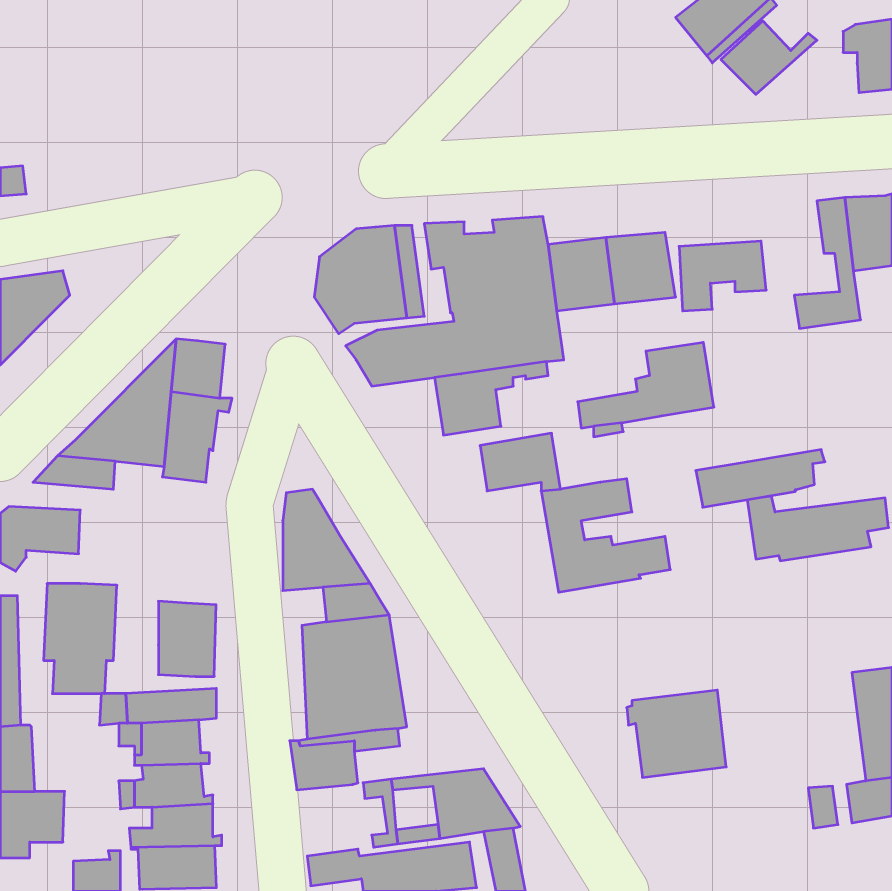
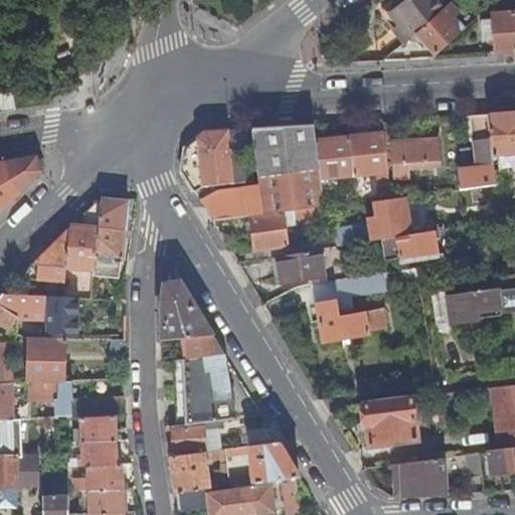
building: [696,450,825,507] -> [381,227,456,261]
building: [158,601,216,676] -> [46,294,79,337]
building: none -> [171,452,208,493]
building: none -> [391,458,447,496]

